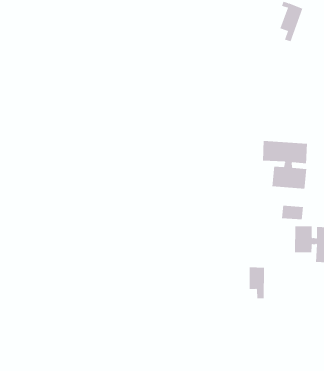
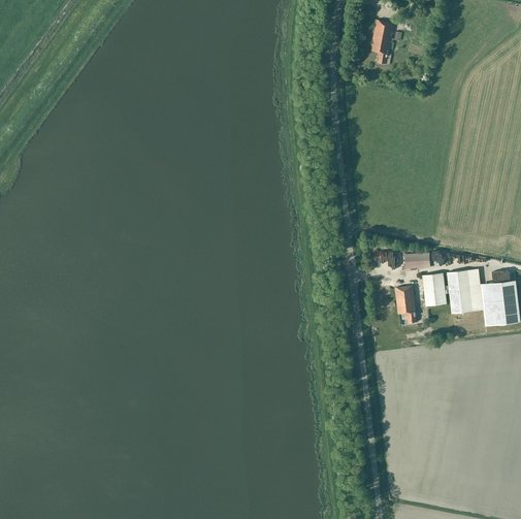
building: [262,140,308,189] -> none
building: [249,267,265,299] -> [393,286,417,323]

